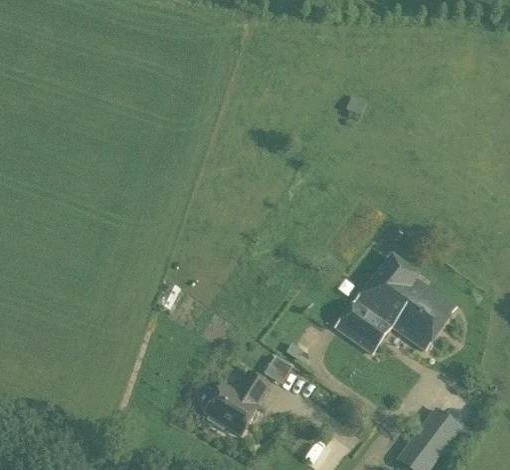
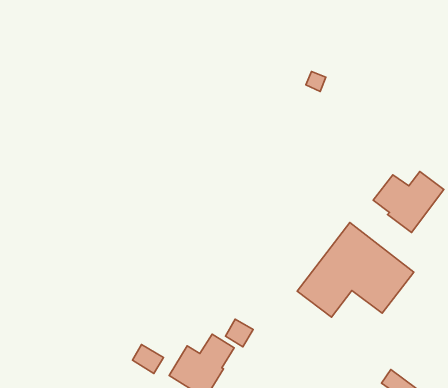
building: none -> [373,171,444,233]
building: none -> [132,345,164,373]

